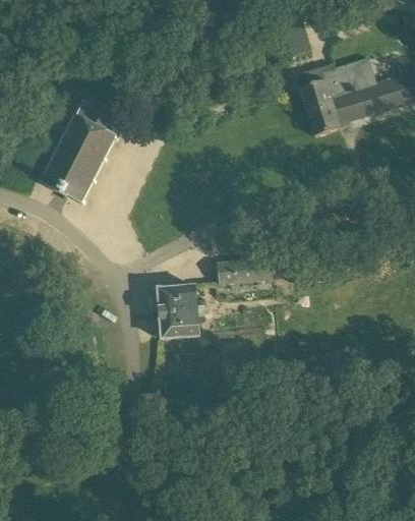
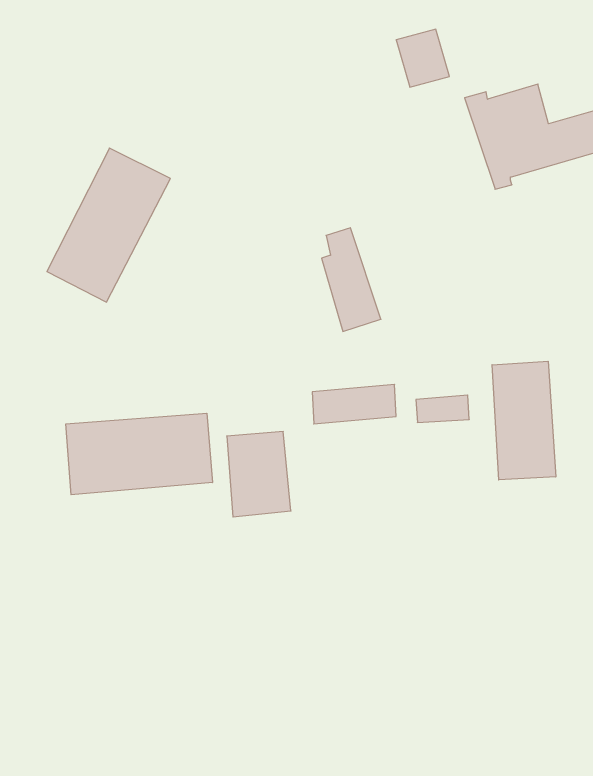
building: [300,66,340,135] -> [322,228,381,331]
building: none -> [492,361,556,480]
building: none -> [66,413,212,495]

